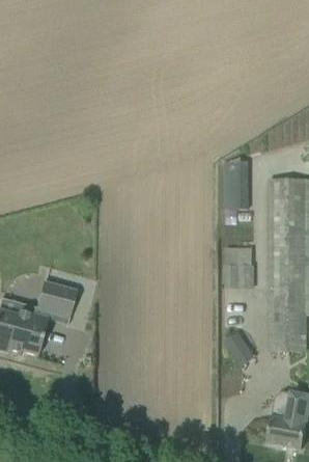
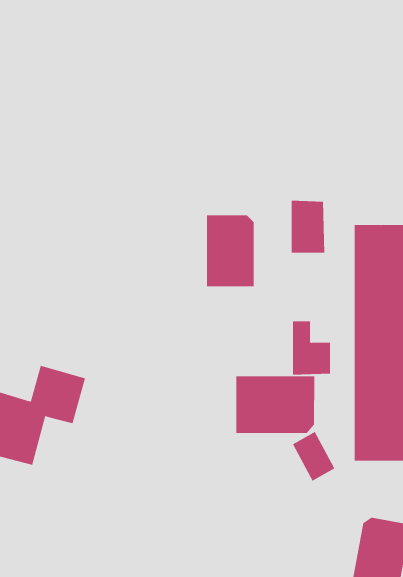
building: none -> [206,214,254,287]
building: none -> [236,376,315,434]

